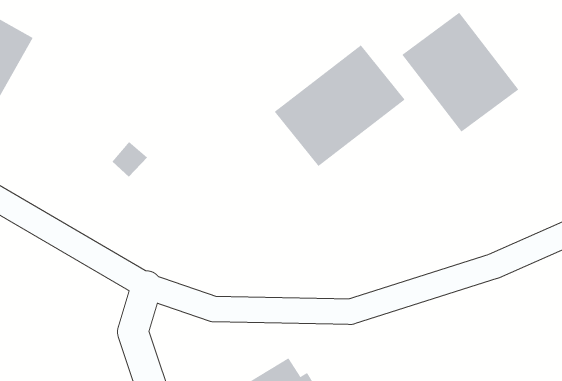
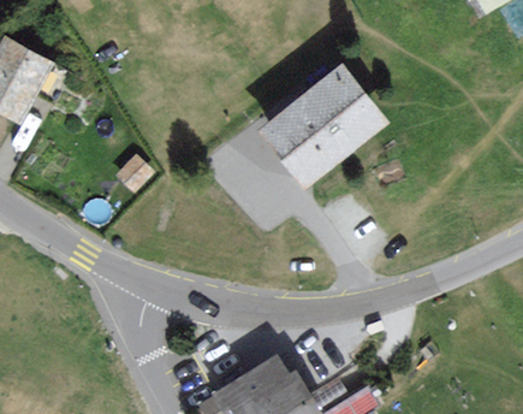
building: [401,12,519,133] -> none

